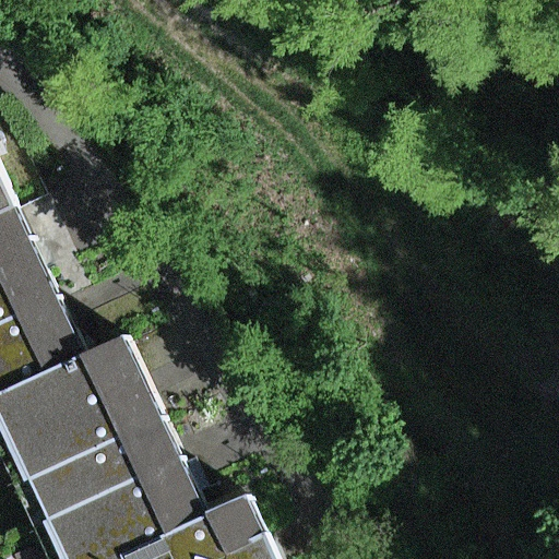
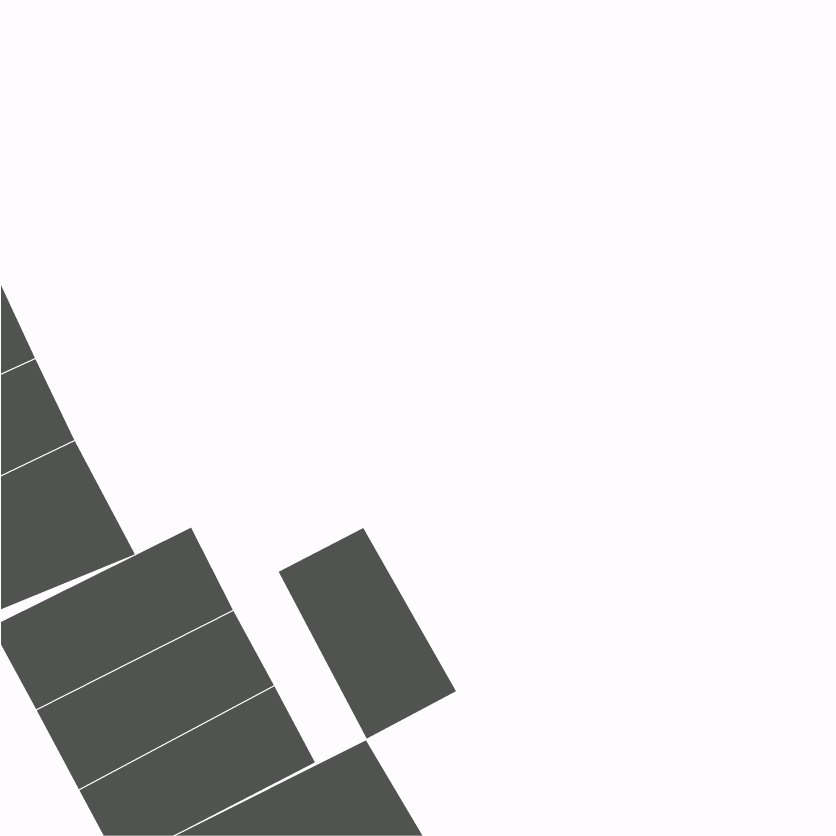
building: none -> [278,527,457,739]

